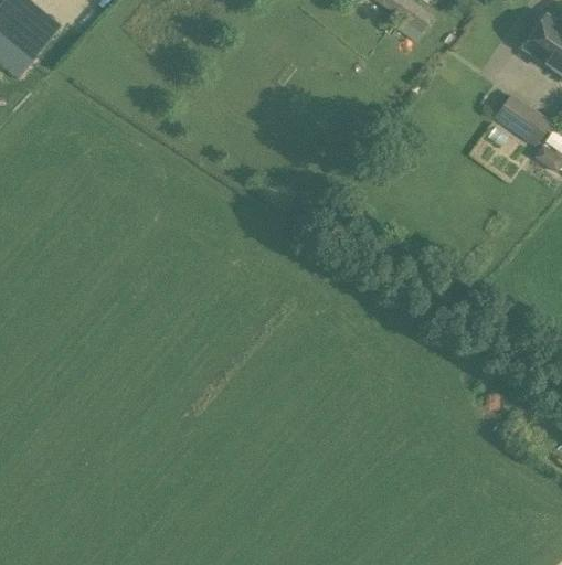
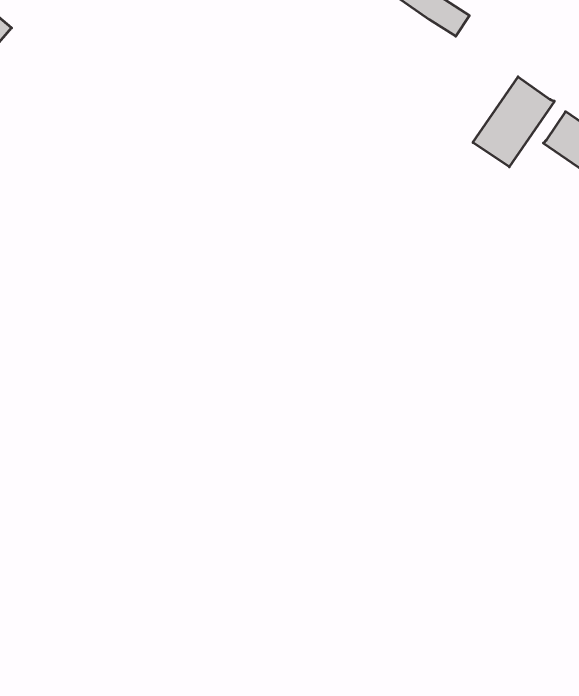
building: none -> [473,77,554,167]

